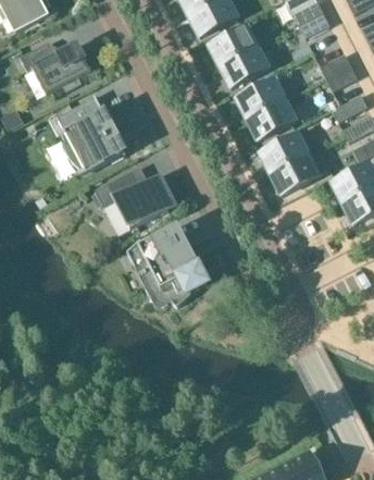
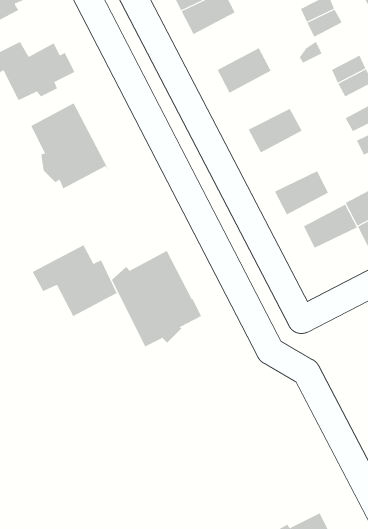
building: [209,26,257,66] -> none
building: [236,79,284,119] -> none
building: [260,134,308,173] -> [303,204,358,249]
building: [93,165,169,229] -> [32,245,118,317]

